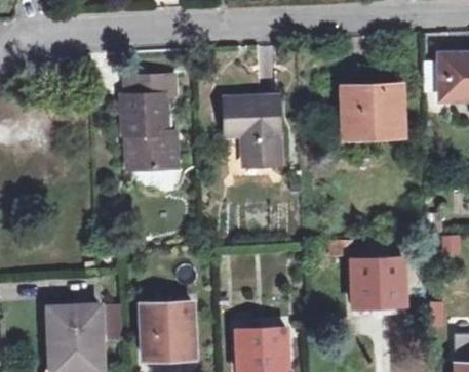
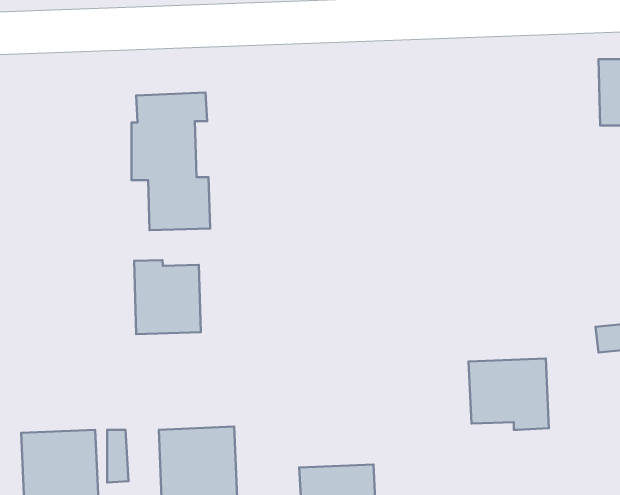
building: [343,83,400,135] -> none
building: [227,97,280,163] -> none
building: none -> [134,260,201,334]

